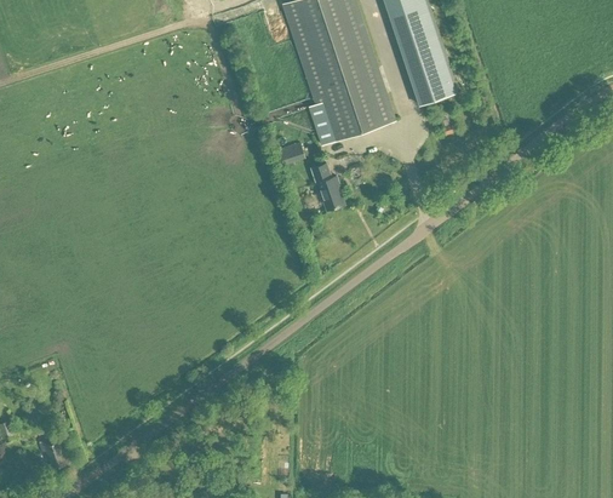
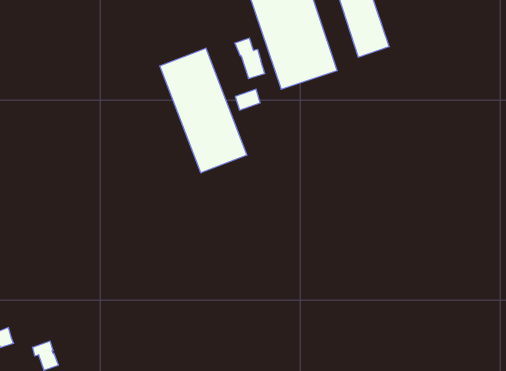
building: none -> [160,48,247,173]
building: [309,164,344,211] -> [235,38,265,79]

